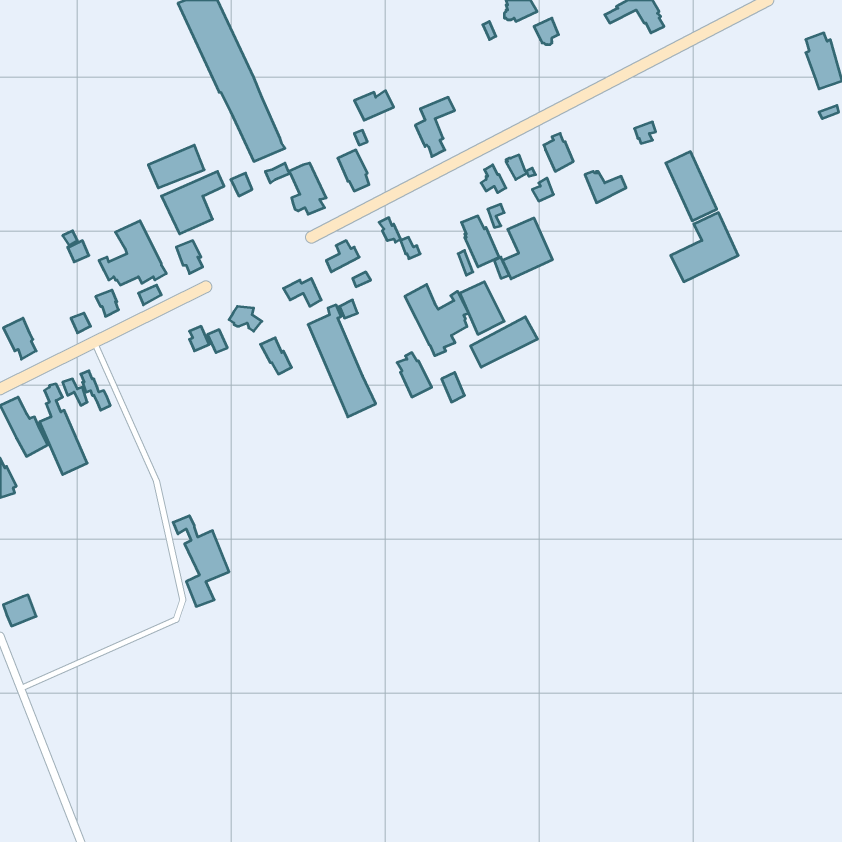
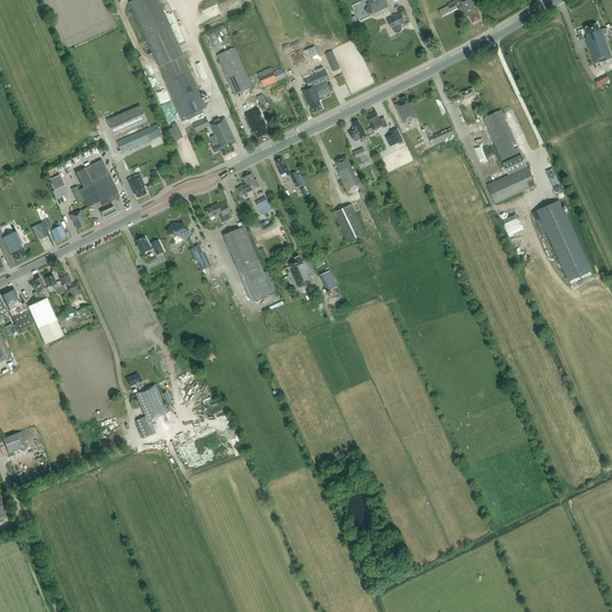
building: none -> [218,48,252,94]
building: [502,218,552,279] -> none
building: none -> [532,201,590,281]
building: [405,284,469,356] -> none
building: [471,317,537,367] -> none

